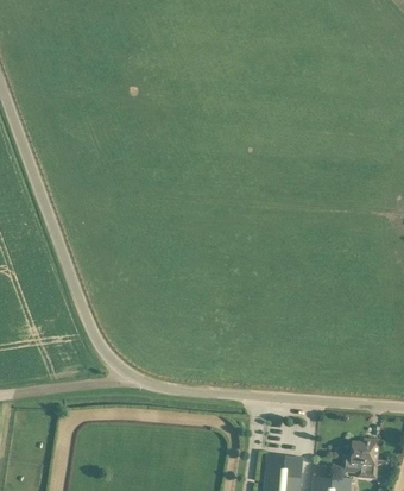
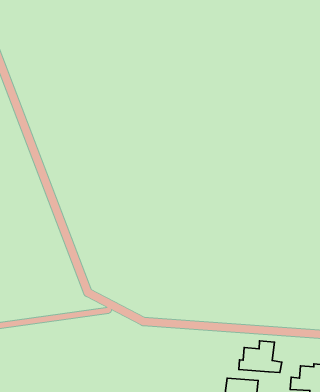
building: none -> [239,341,282,373]

